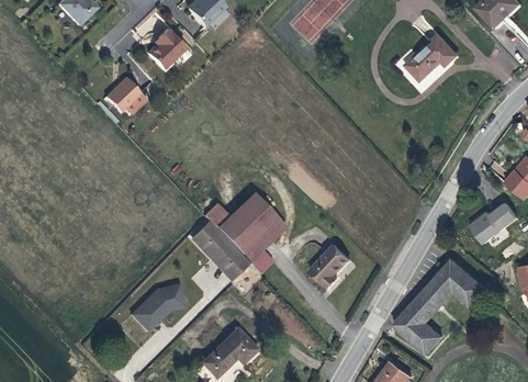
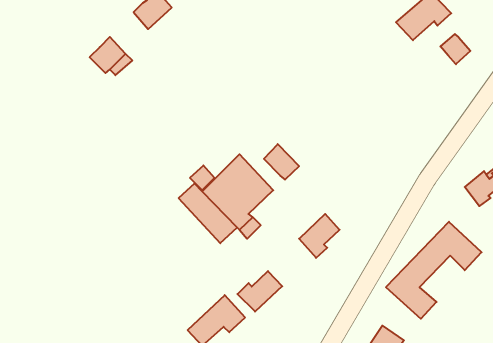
building: none -> [440,34,470,64]
building: none -> [264,144,299,180]
building: [131,283,186,330] -> none
building: none -> [237,271,282,312]

